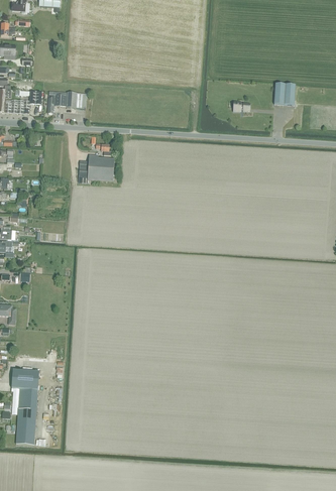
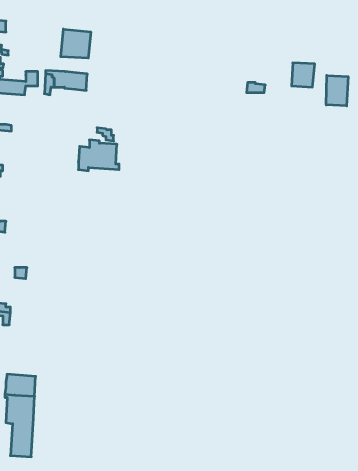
building: none -> [61,29,91,58]
building: none -> [326,75,348,106]

